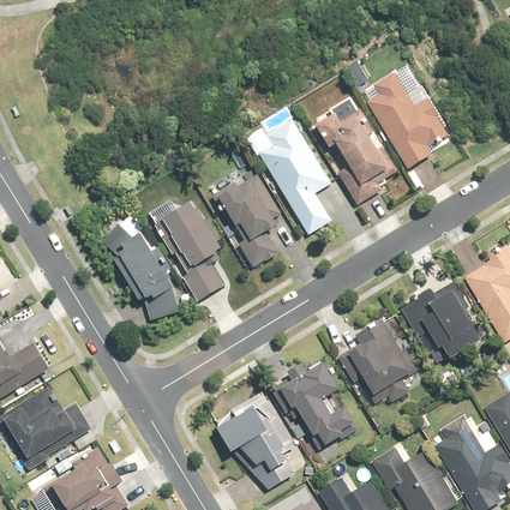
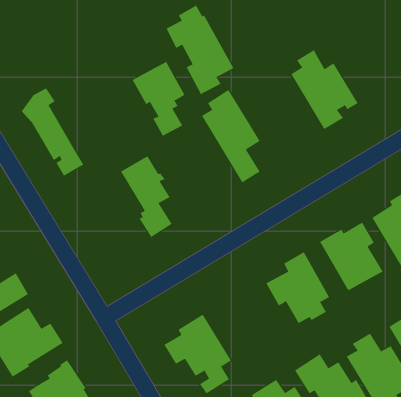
building: [314,96,397,205] -> [166,5,234,95]
building: [216,174,281,265] -> [132,61,185,136]
building: [102,212,179,320] -> [21,87,84,177]
building: [277,360,358,446] -> none

